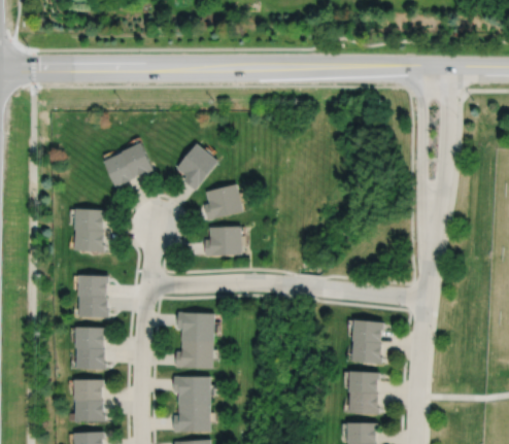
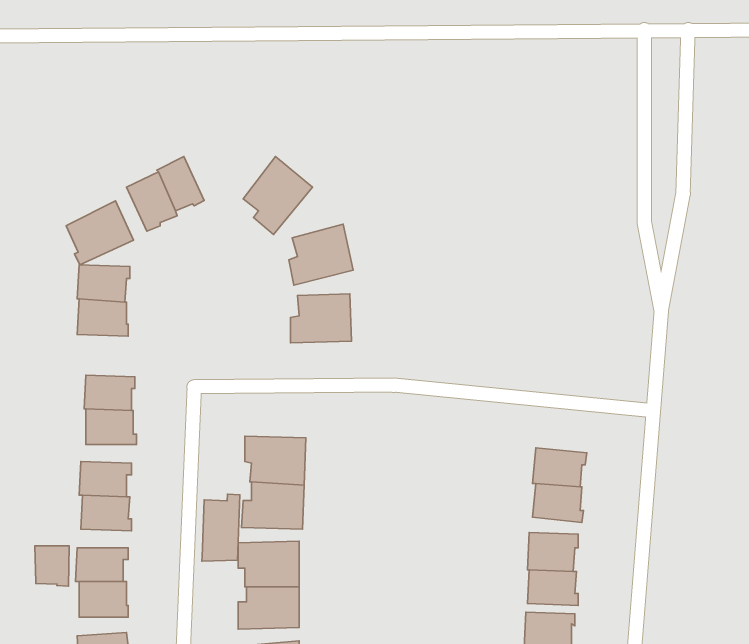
building: none -> [66,201,134,265]
building: none -> [202,494,240,561]
building: none -> [35,546,69,586]

